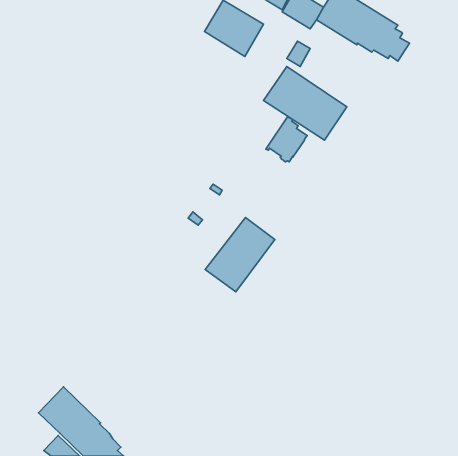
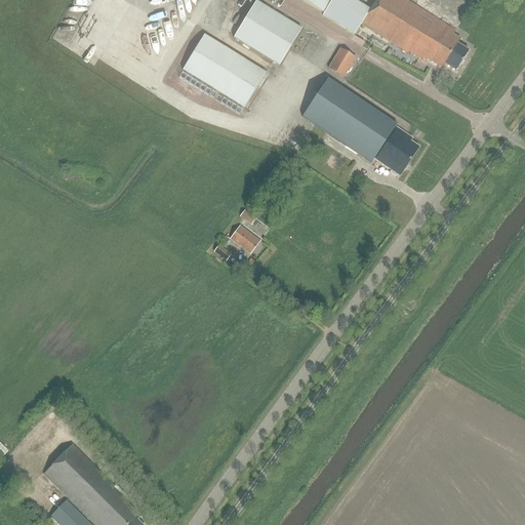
building: none -> [181,33,266,107]
building: [266,117,307,162] -> [372,123,419,174]
building: none -> [230,223,260,250]
building: [205,218,275,292] -> none

